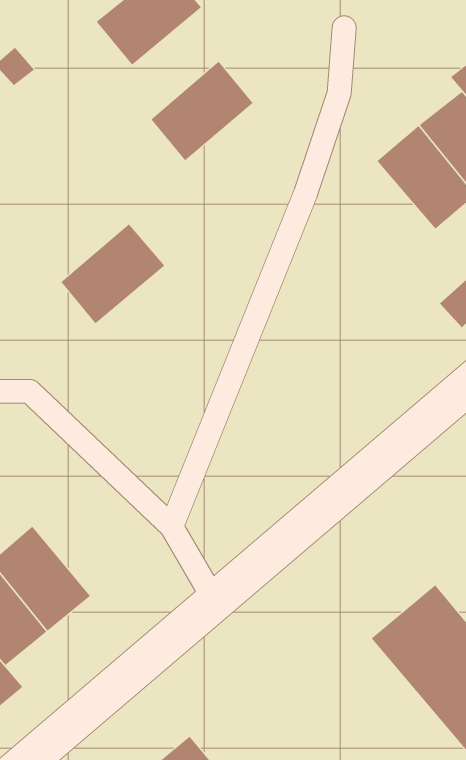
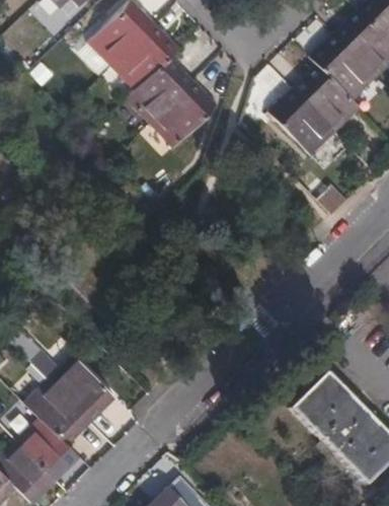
building: none -> [114,27,177,90]
building: [61,224,165,324] -> [152,84,216,148]

